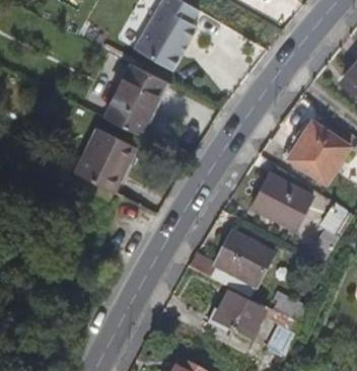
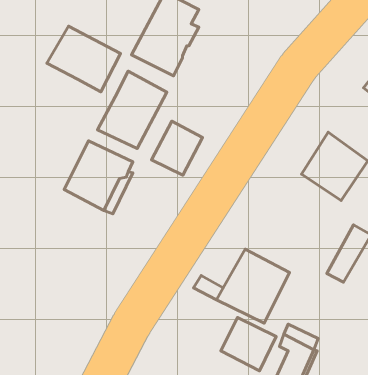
building: none -> [47,26,121,92]
building: none -> [151,121,202,175]
building: [252,169,314,230] -> none

